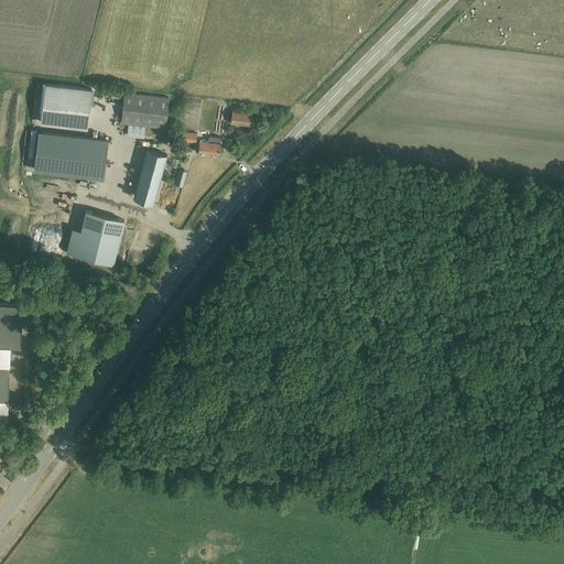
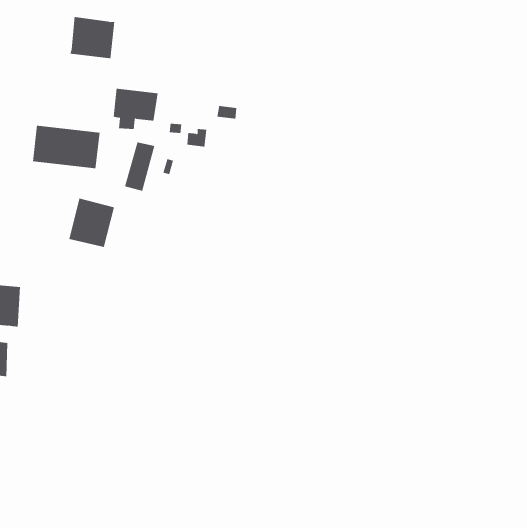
building: [41,85,89,130] -> [70,16,115,59]

